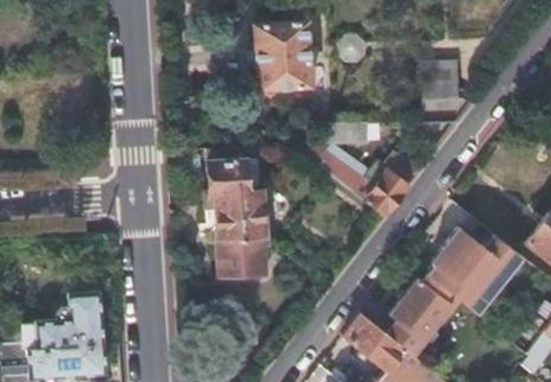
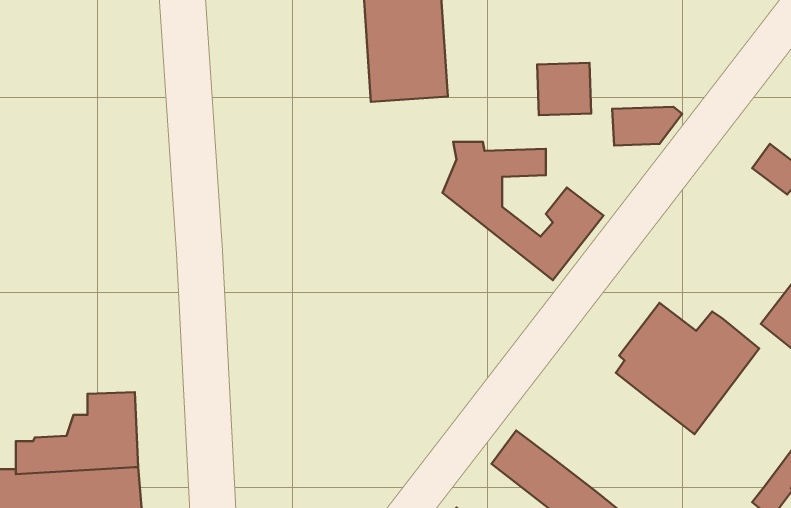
building: [423,59,460,95] -> [537,63,591,115]
building: [208,159,265,275] -> none
building: [384,279,452,359] -> none

